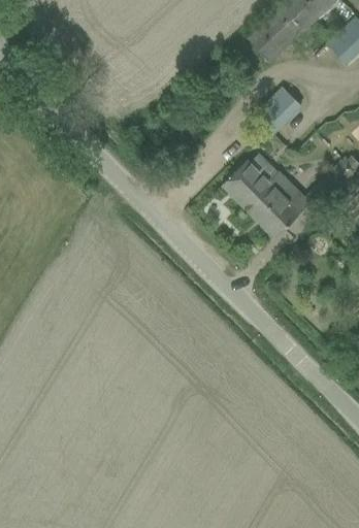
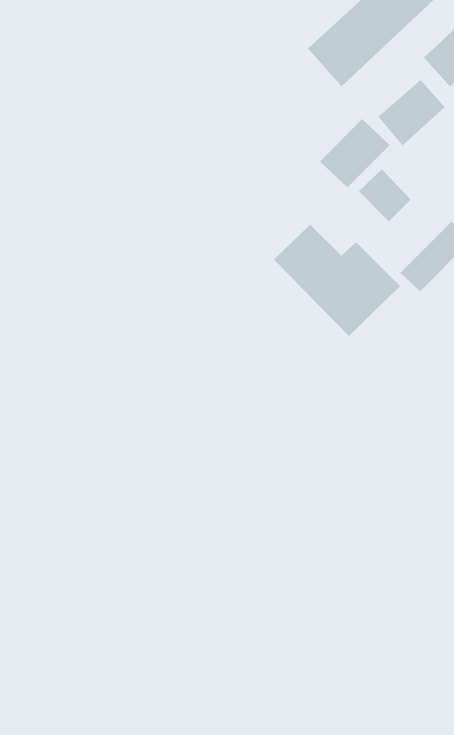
building: none -> [378,79,446,146]
building: none -> [358,169,412,222]

